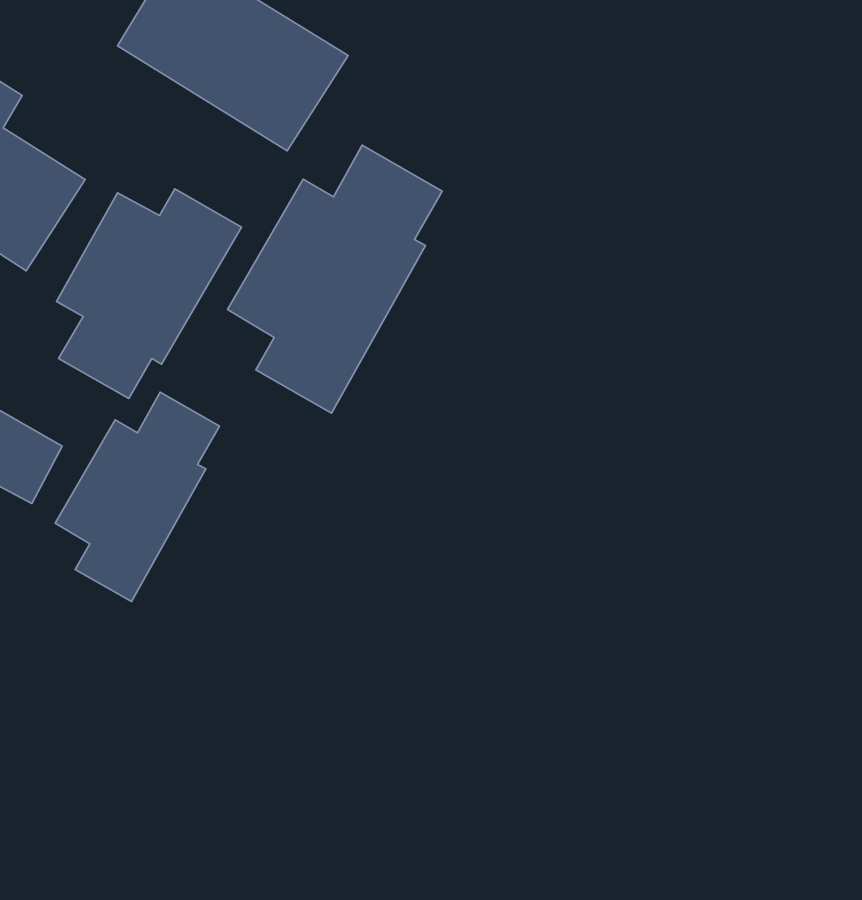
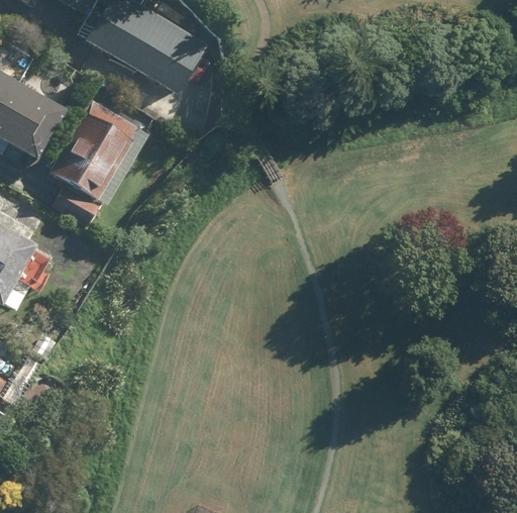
building: [228,145,442,413] -> none
building: [55,392,219,602] -> none

